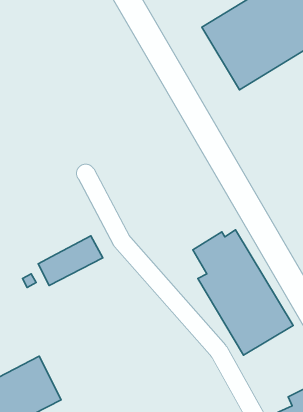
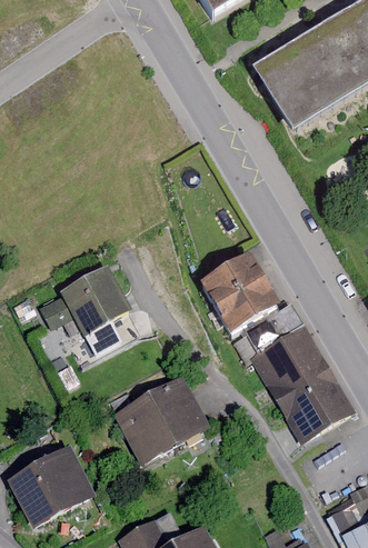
building: none -> [199,251,278,331]
building: none -> [39,265,128,332]
building: none -> [113,373,208,461]

